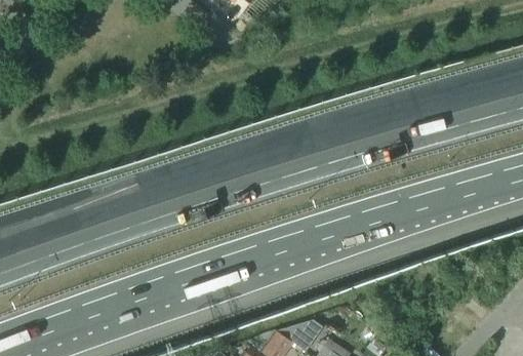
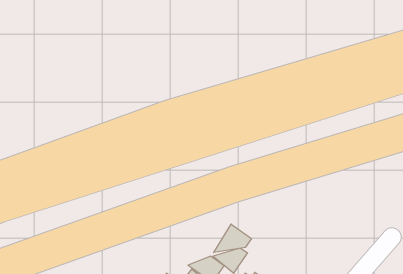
building: none -> [214,224,252,253]

